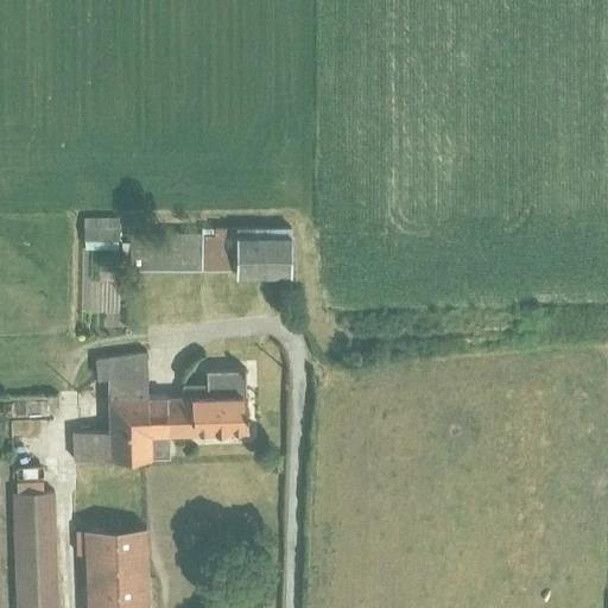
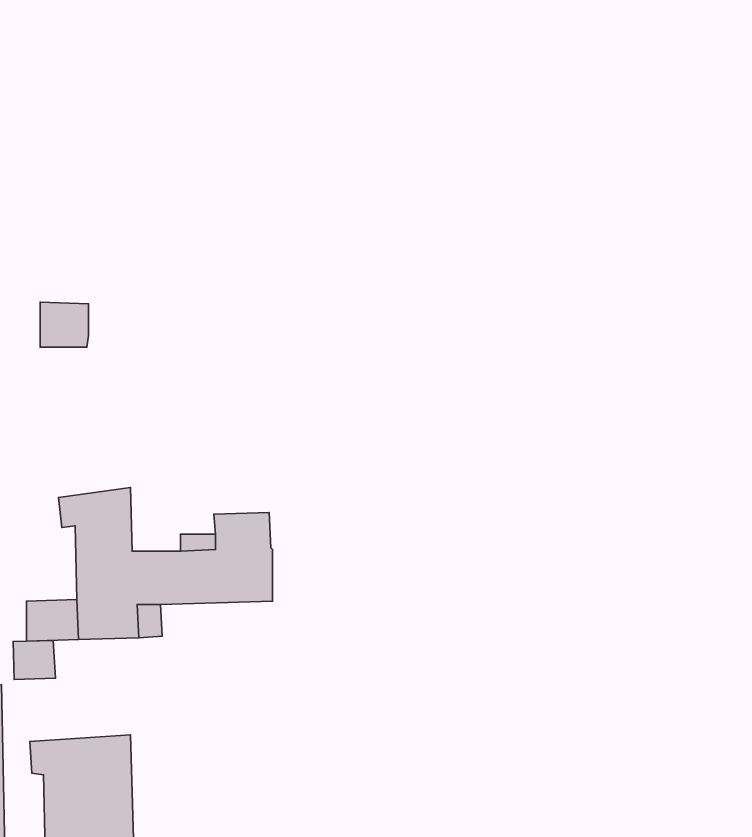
building: [120,232,291,281] -> none
building: none -> [13,640,55,679]

